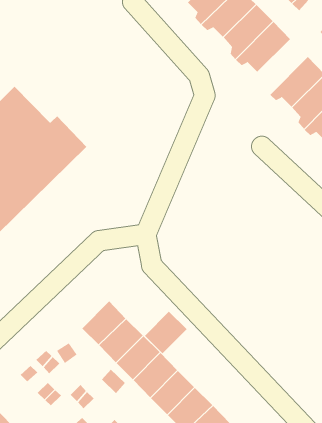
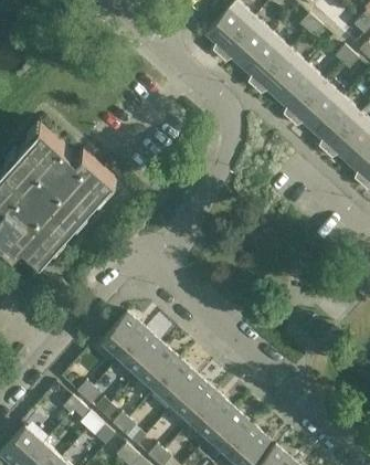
building: none -> [277,65,326,120]
building: none -> [102,313,146,358]
building: [144,311,187,354] -> none

